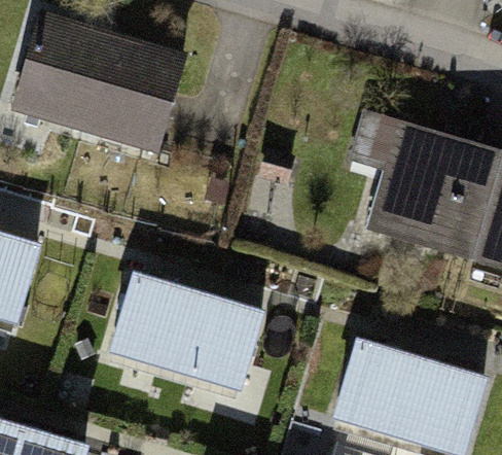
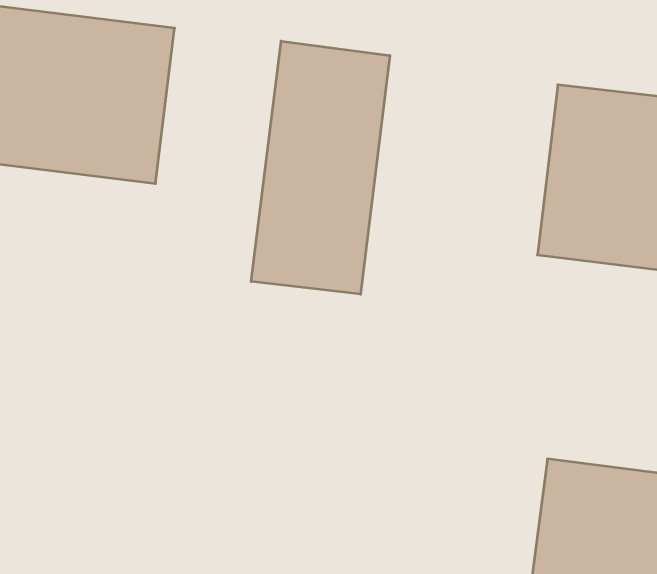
building: none -> [251,41,390,294]
building: [115,276,260,385] -> none

